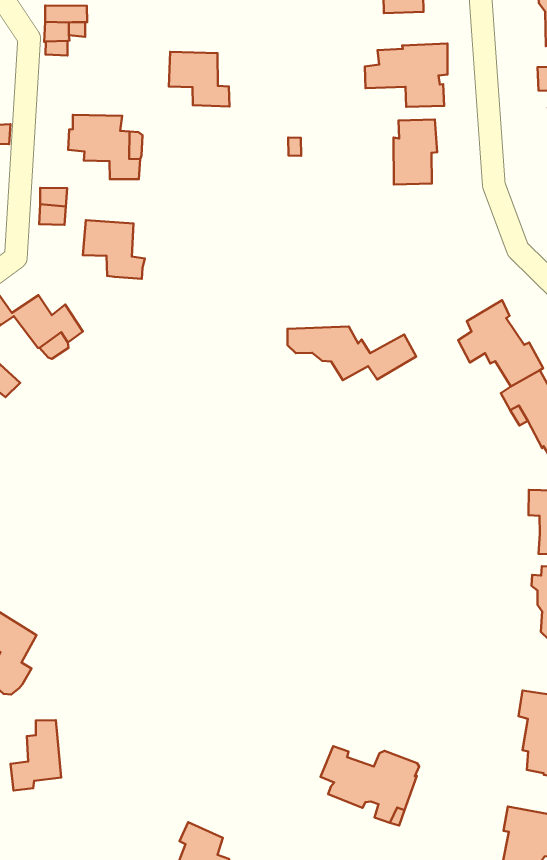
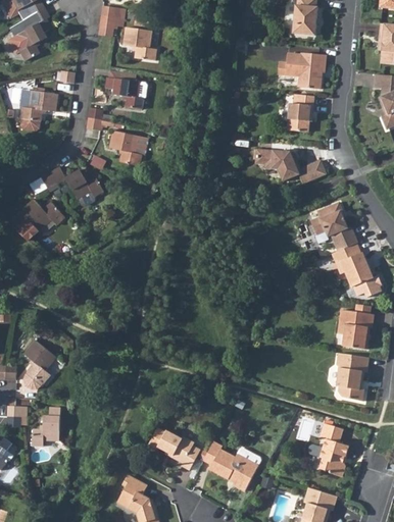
building: [169,52,229,106] -> [122,27,156,61]
building: [287,327,416,380] -> [254,151,326,186]
building: none -> [147,428,200,471]

